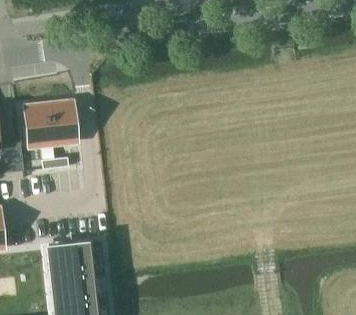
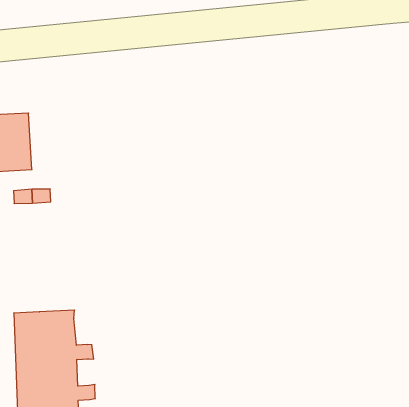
building: [49,101,79,144] -> none

